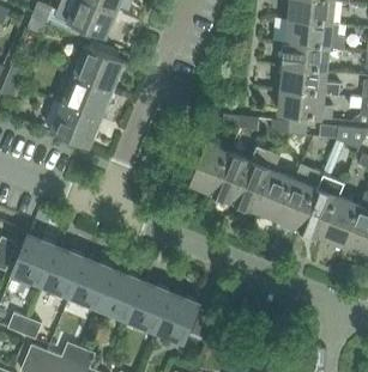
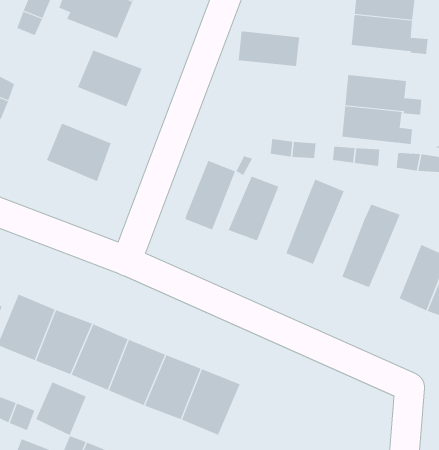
building: [282,43,330,71] -> [238,31,300,67]
building: [61,75,111,118] -> none
building: [211,152,251,206] -> [184,160,236,230]
building: [255,170,294,221] -> none
building: [298,173,345,238] -> none
building: none -> [36,382,86,436]

